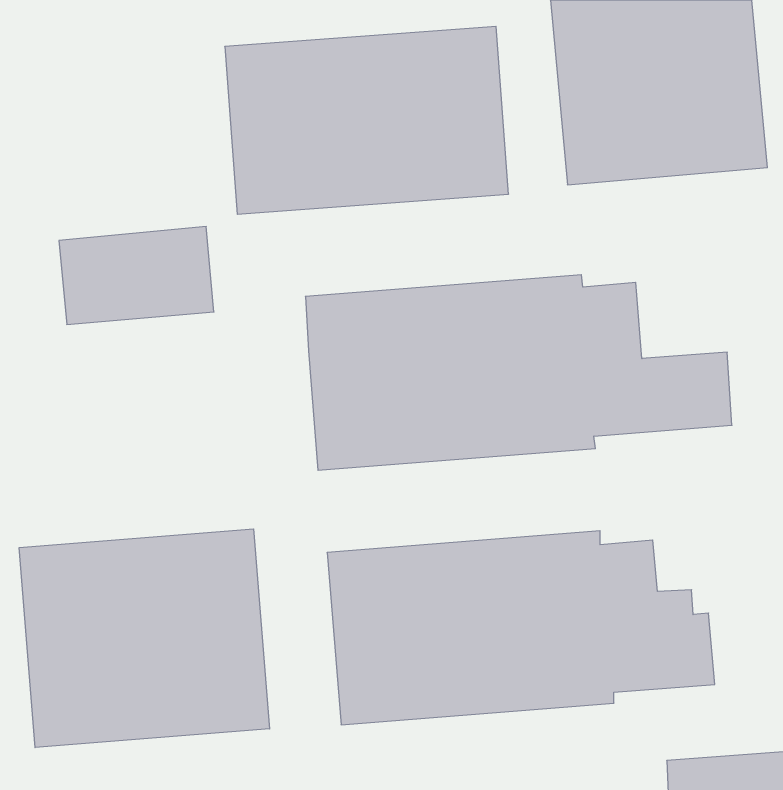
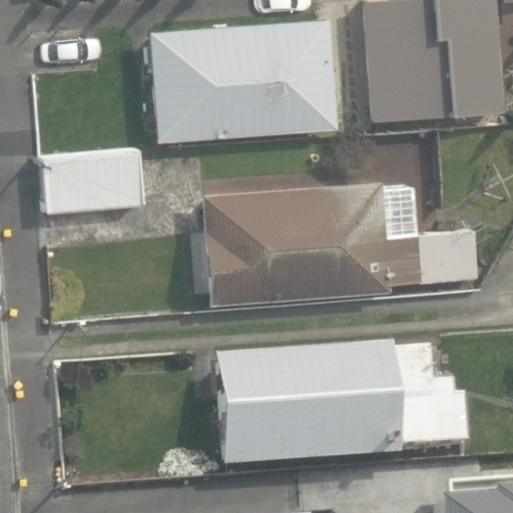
building: [19,529,270,748] -> none

